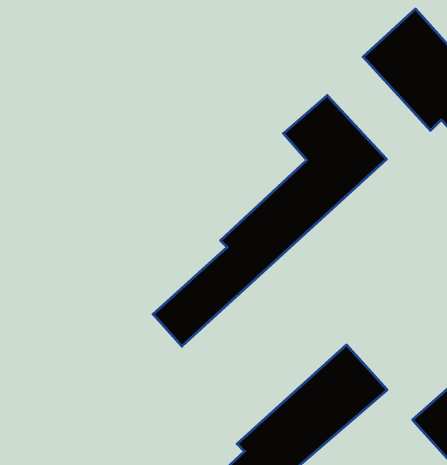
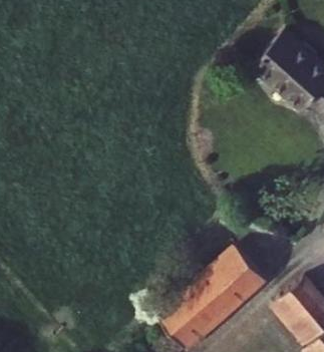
building: [153,95,386,346] -> none

